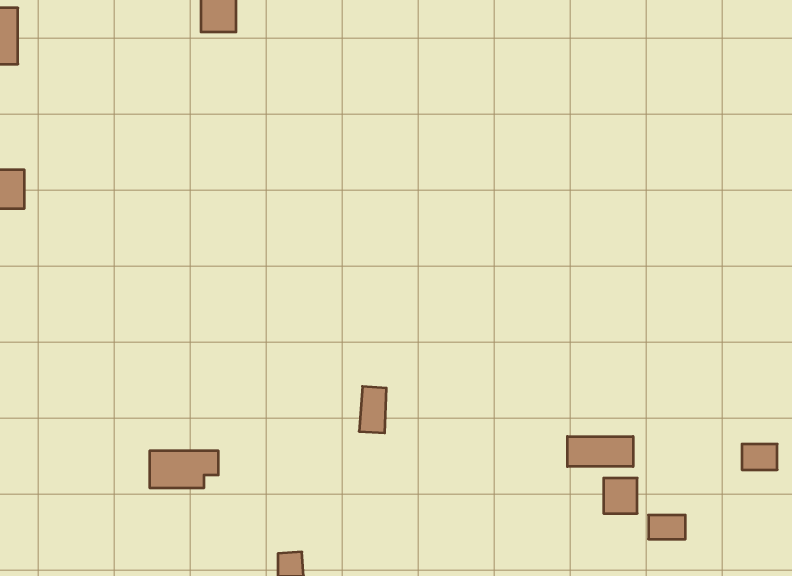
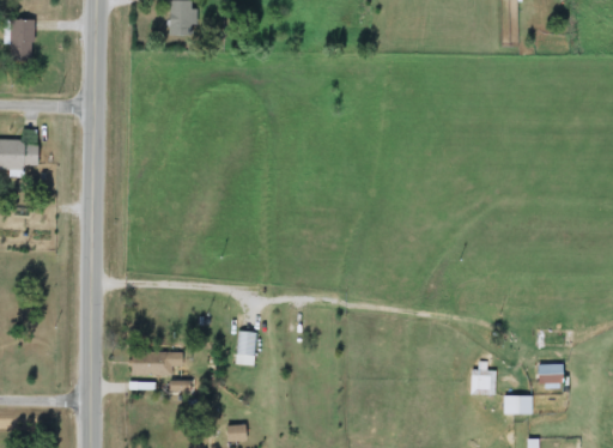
building: [359,386,386,433] -> [236,331,256,365]
building: [567,436,633,467] -> none
building: [742,444,777,470] -> [538,364,564,383]

